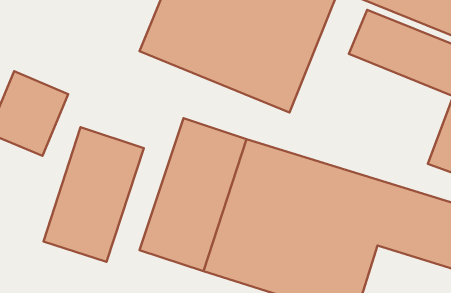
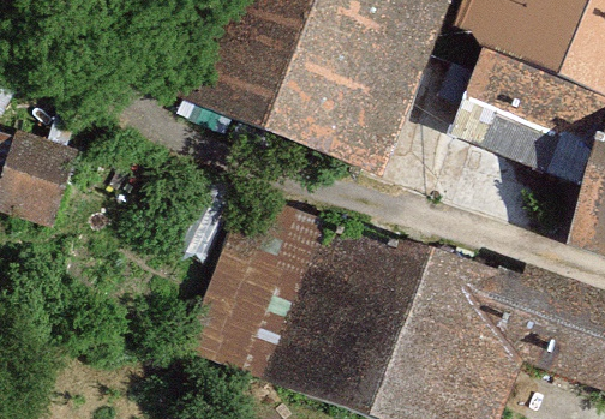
building: [44,127,144,262] -> none

